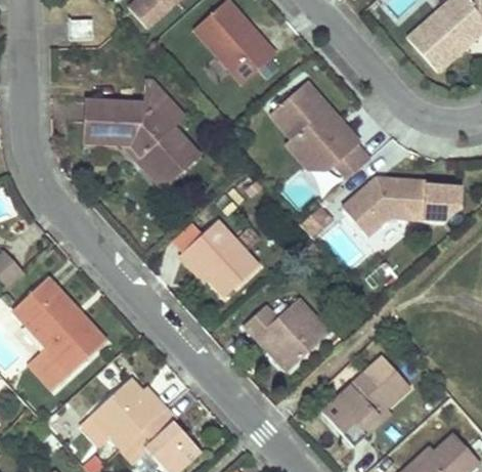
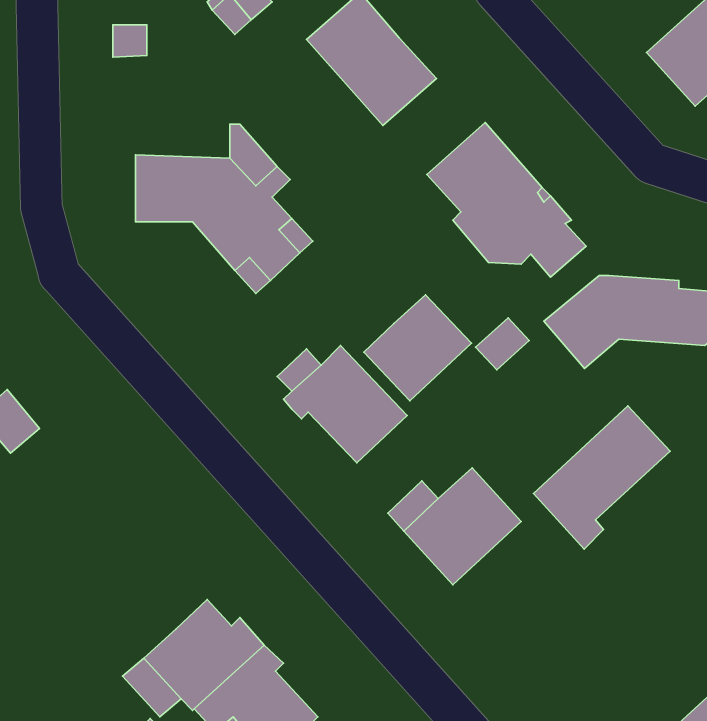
building: none -> [364,295,471,401]
building: [13,278,107,387] -> none
building: [324,356,410,446] -> [534,406,670,549]

